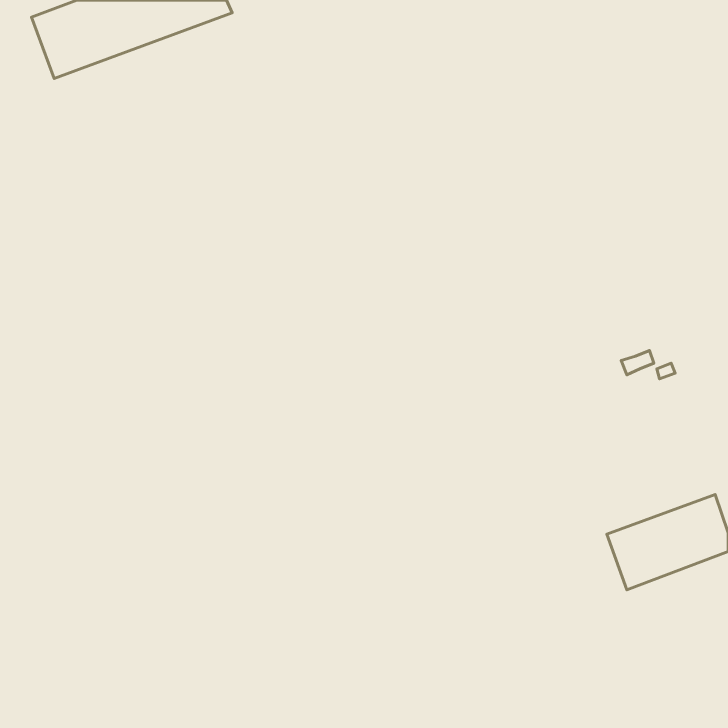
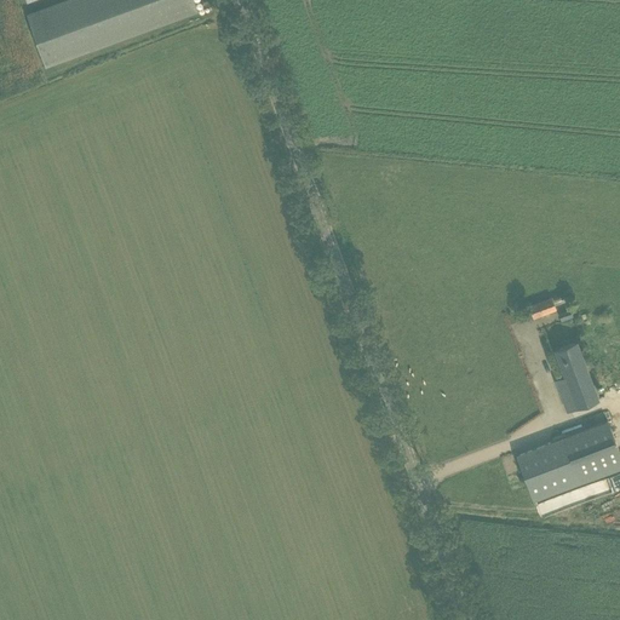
building: none -> [555,343,598,411]

